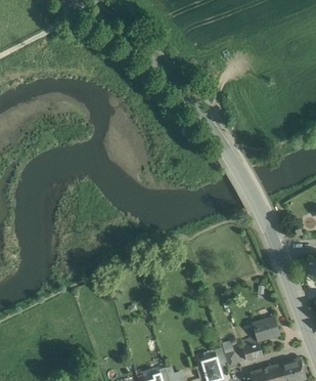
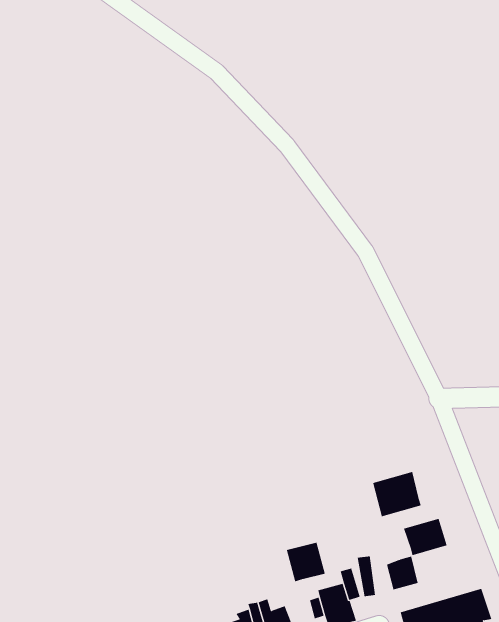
building: none -> [372,471,422,517]
building: none -> [286,542,326,582]

